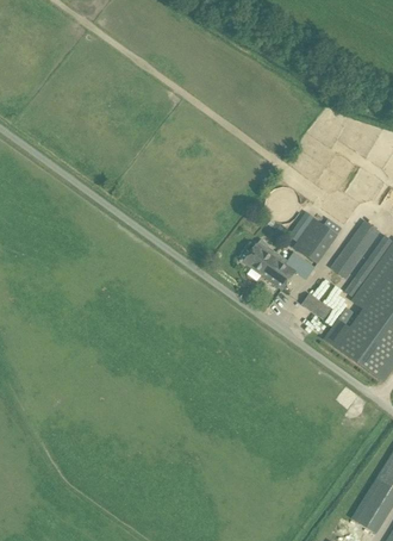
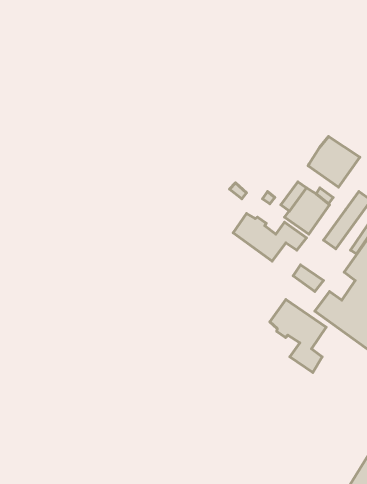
building: none -> [308,136,360,187]
building: none -> [270,299,326,372]

